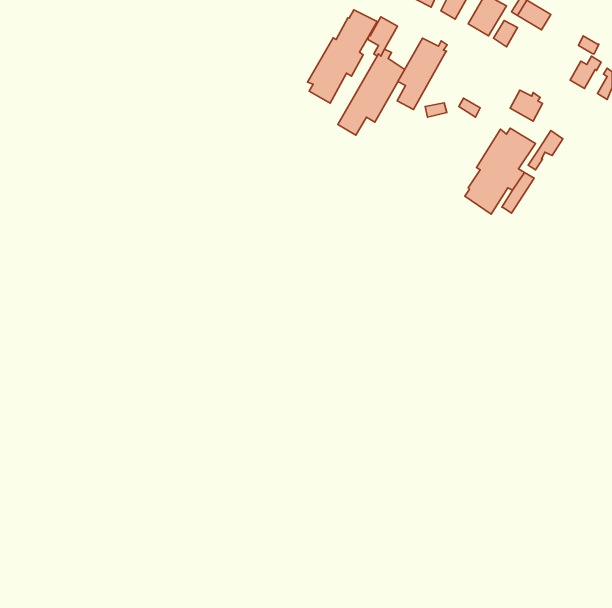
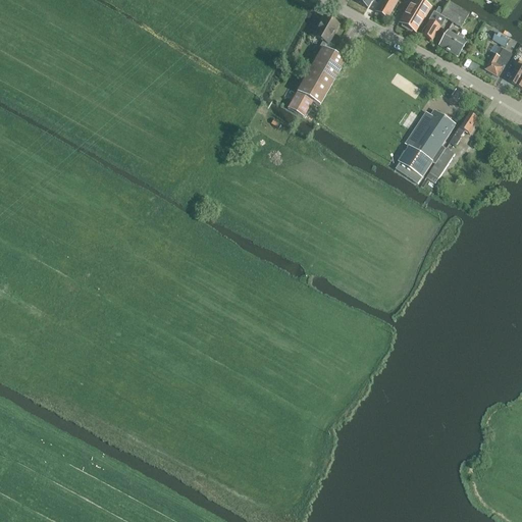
building: [307,10,377,103] -> none
building: [397,38,447,110] -> none
building: [510,90,543,121] -> [438,29,466,55]

